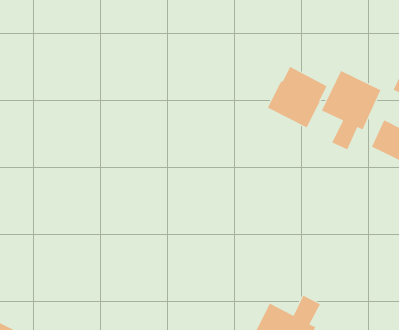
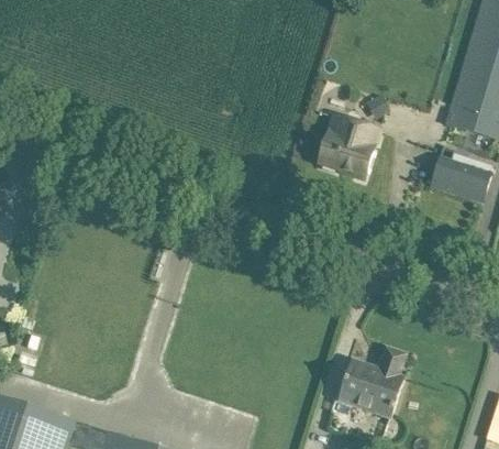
building: [321,70,381,150] -> none

